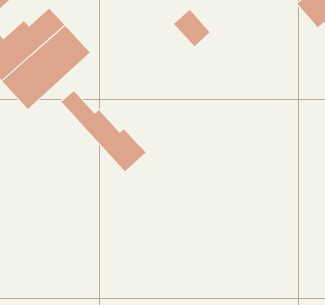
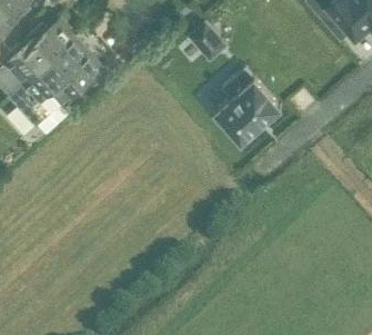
building: none -> [215,69,283,145]
building: [60,90,146,172] -> none

